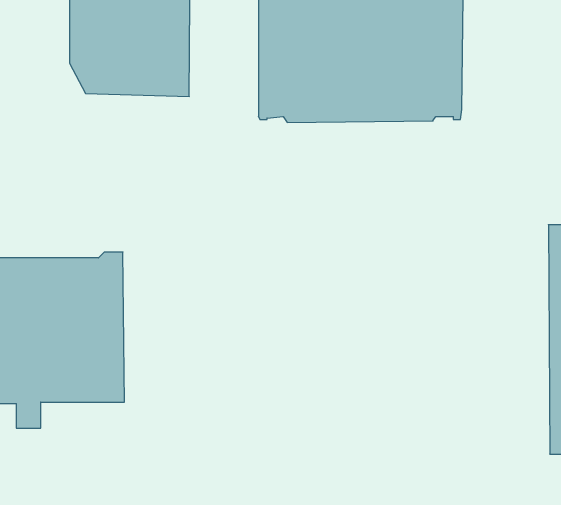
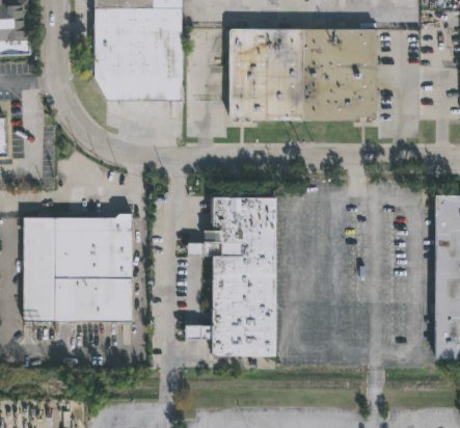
building: none -> [188,195,279,356]

